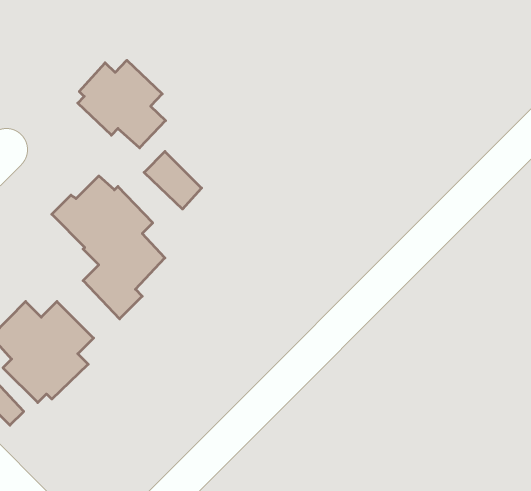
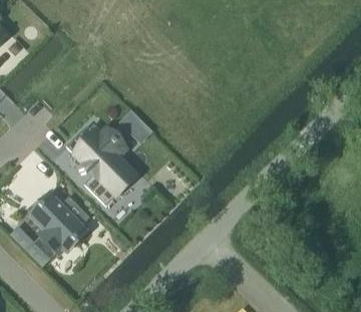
building: [78,60,166,148] -> none

